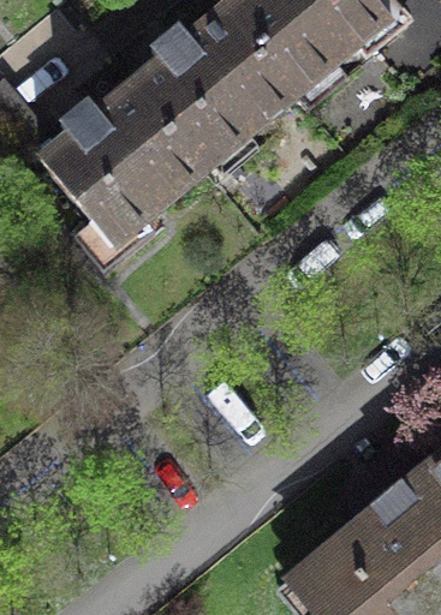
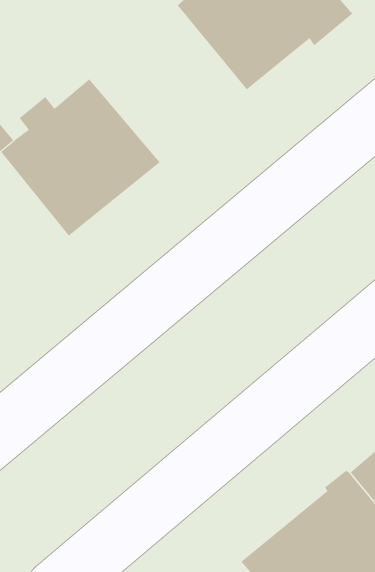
building: [133,7,296,169] -> none

